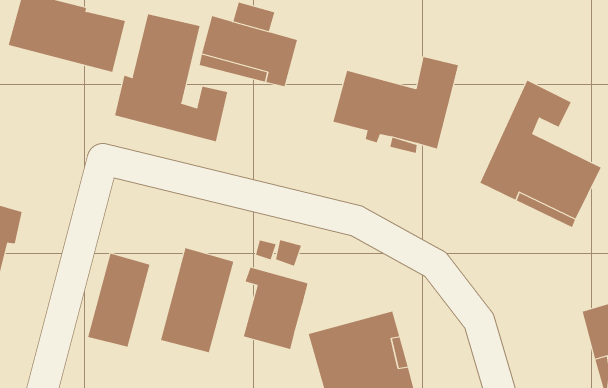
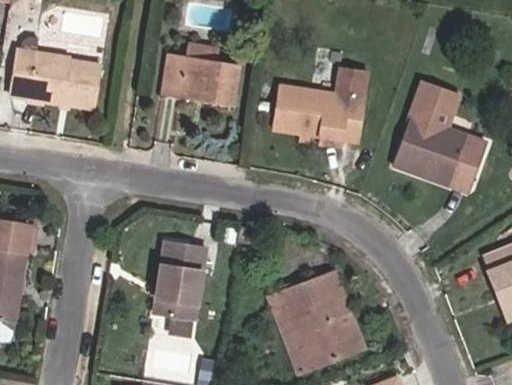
building: [114,14,228,142] -> none
building: [88,253,150,347] -> none
building: [243,267,308,350] -> none

